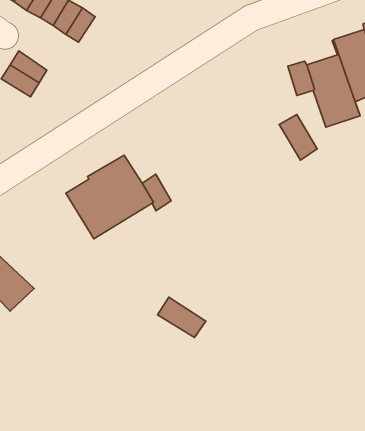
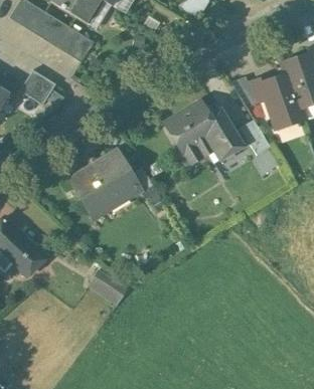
building: none -> [164,102,242,159]
building: [158,297,206,338] -> [89,270,127,303]

